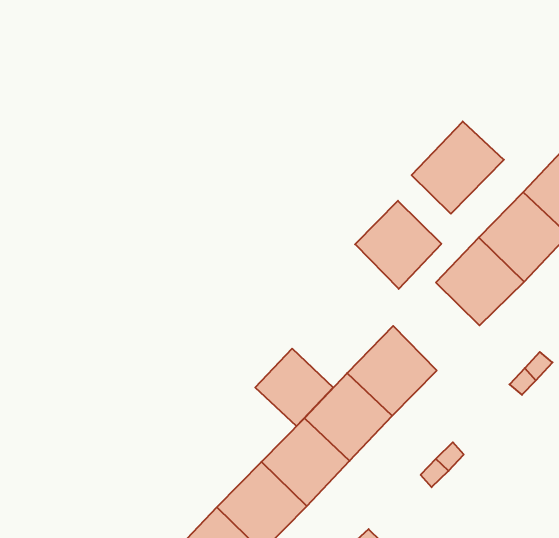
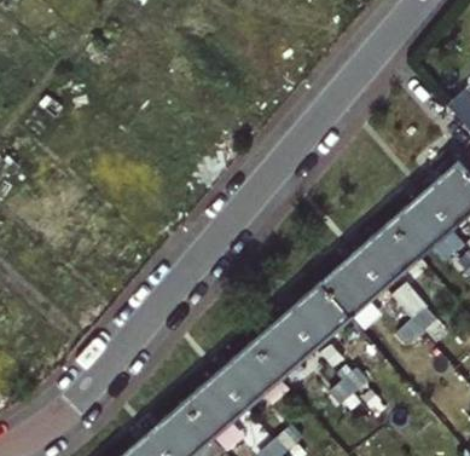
building: [412,121,504,214] -> none
building: [355,201,441,289] -> [320,254,383,318]
building: [255,349,333,426] -> none

